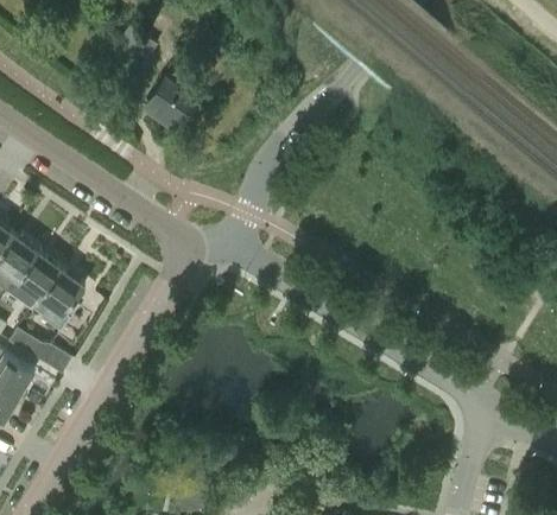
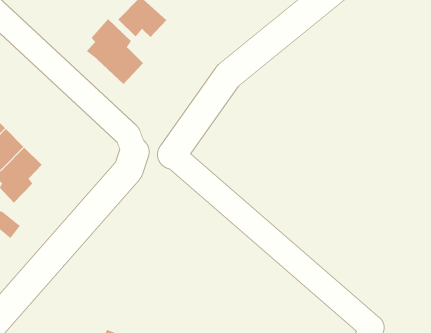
building: none -> [86,18,144,85]

